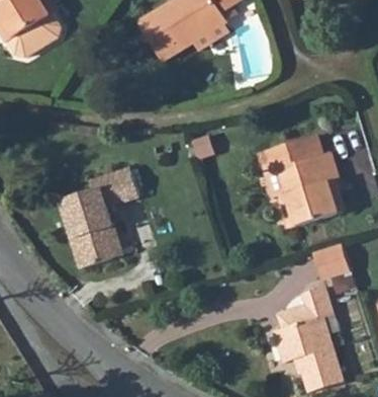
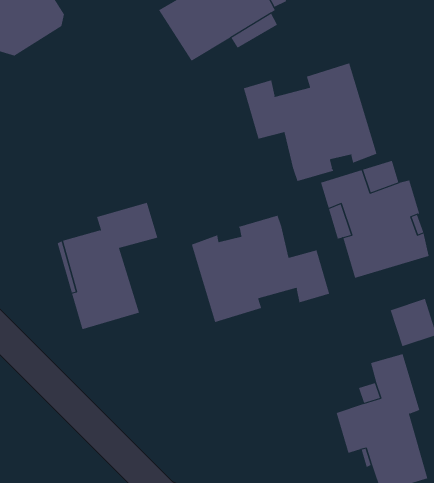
building: none -> [243,63,377,182]
building: none -> [191,215,330,323]

